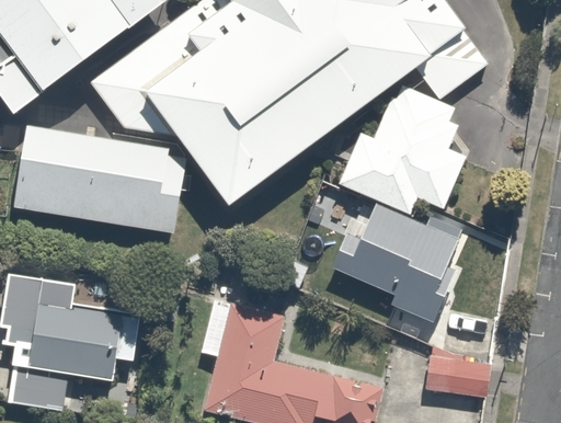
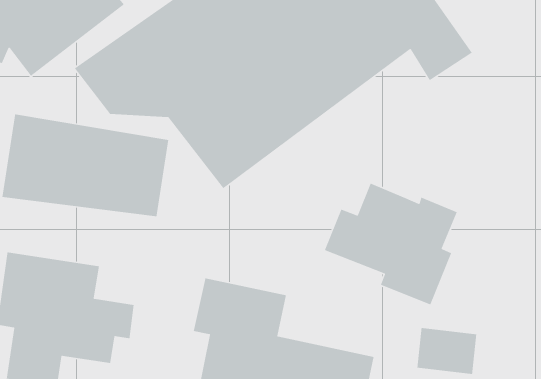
building: [340,85,468,214] -> none

